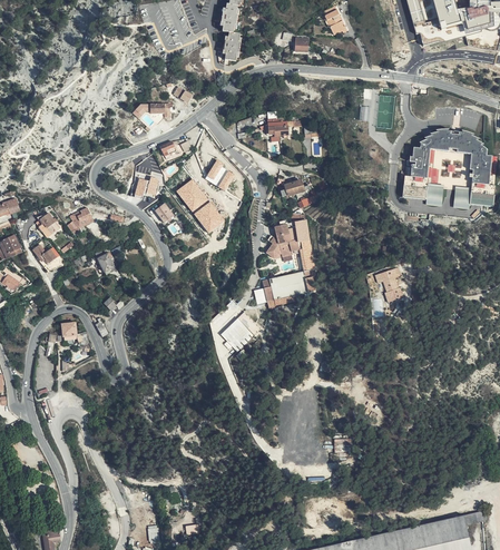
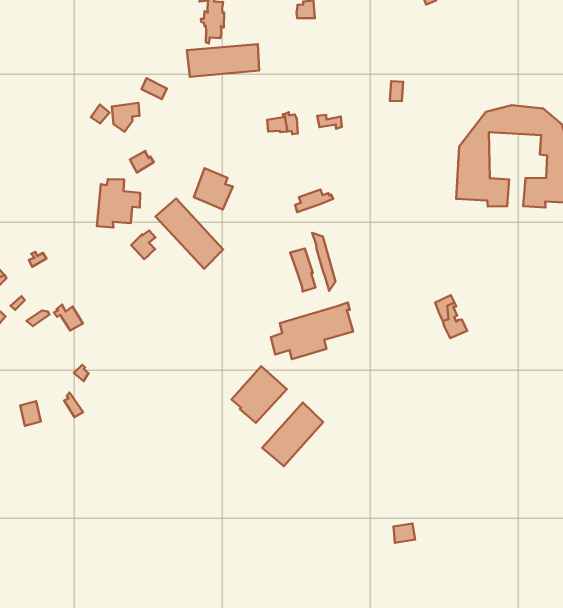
building: none -> [187,44,259,77]
building: none -> [262,403,323,466]

